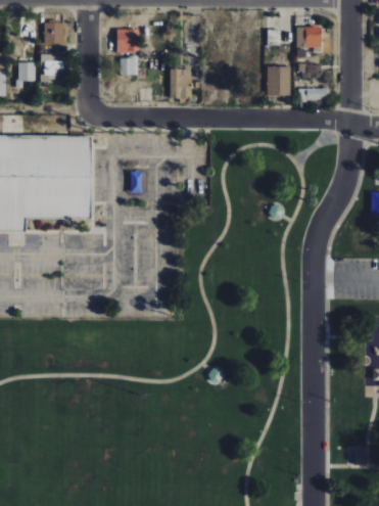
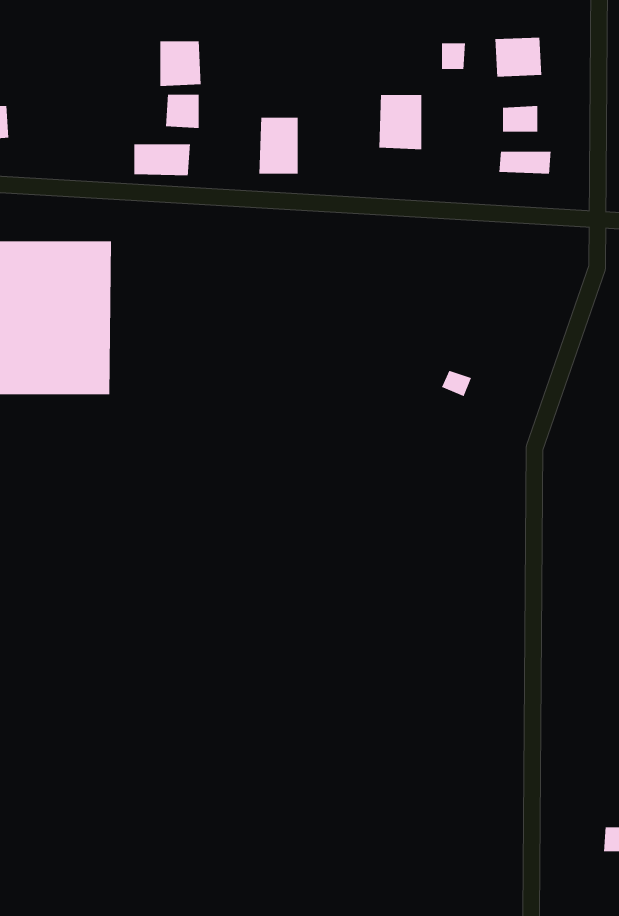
building: [44,22,63,44] -> none
building: [40,54,63,83] -> none
building: [267,66,290,96] -> [378,95,422,150]
building: none -> [134,144,191,176]

